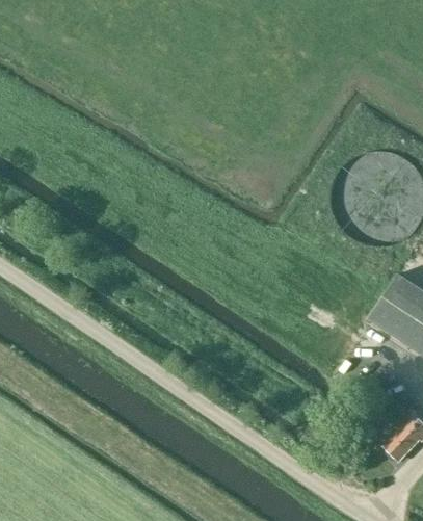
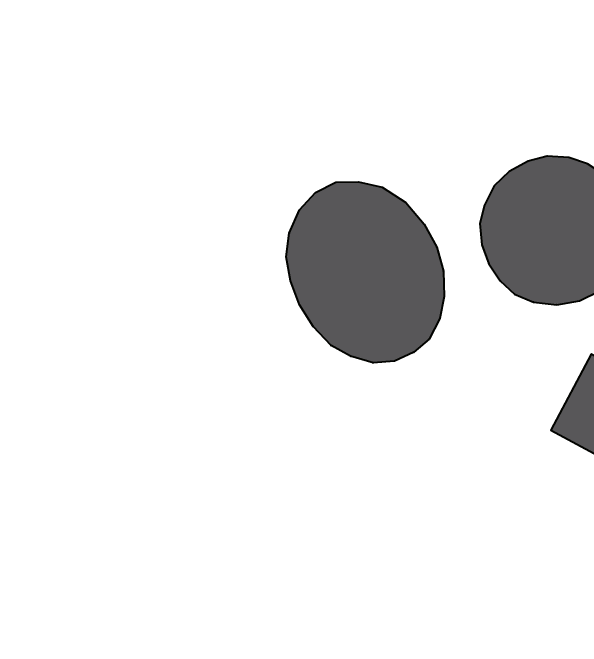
building: none -> [286,182,444,363]

